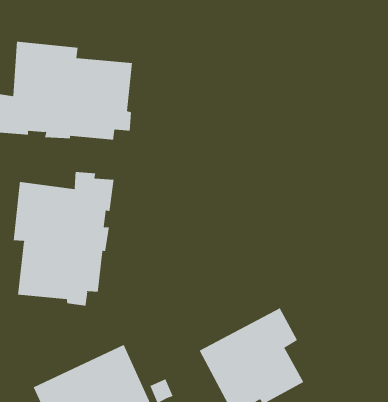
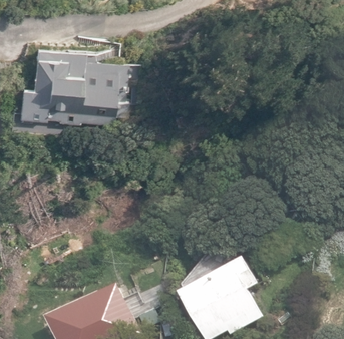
building: [13,171,114,306] -> none

